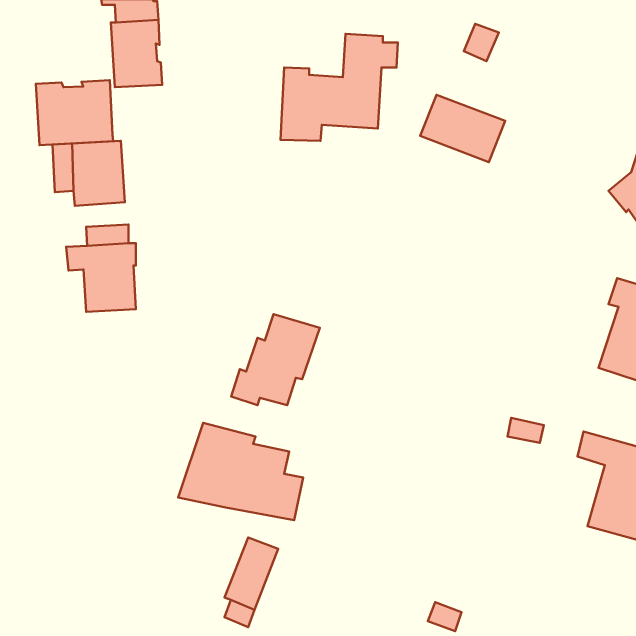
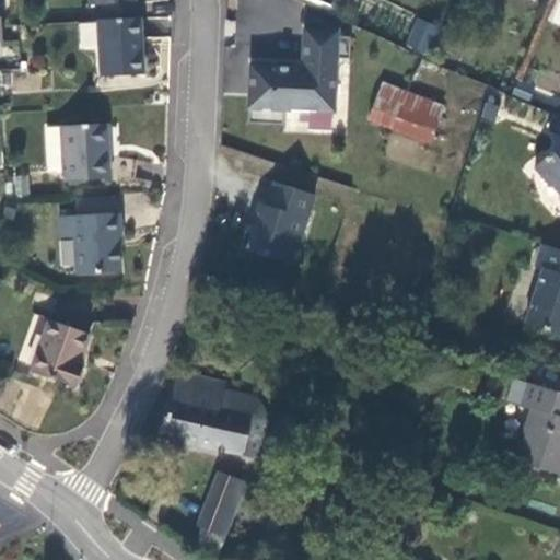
building: [36,80,113,145] -> none
building: [231,314,320,405] -> [236,182,314,261]
building: none -> [32,319,91,387]

